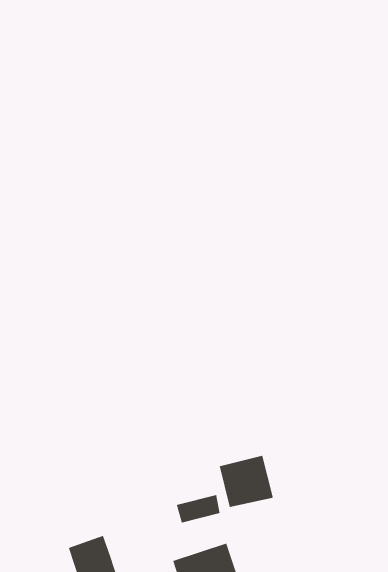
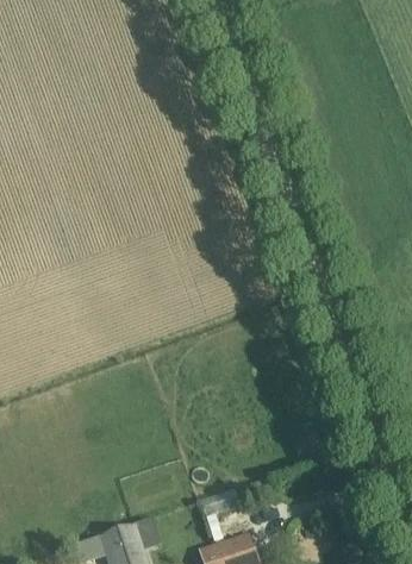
building: [219,455,274,508] -> none

